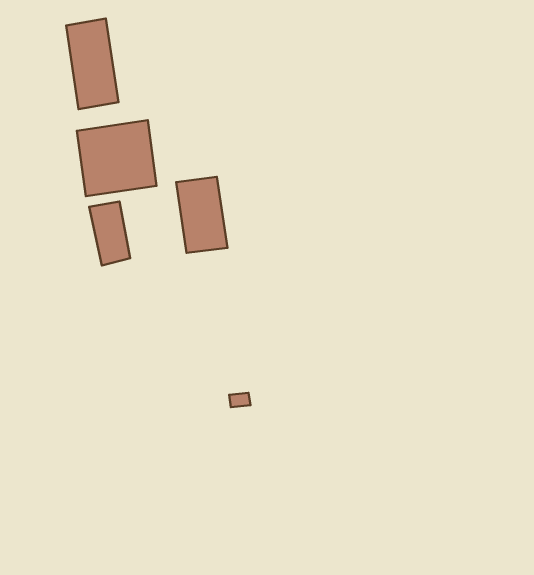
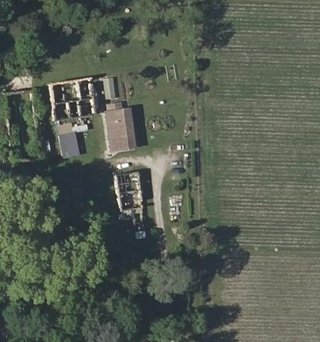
building: [66,18,118,109] -> none
building: none -> [117,171,141,224]

